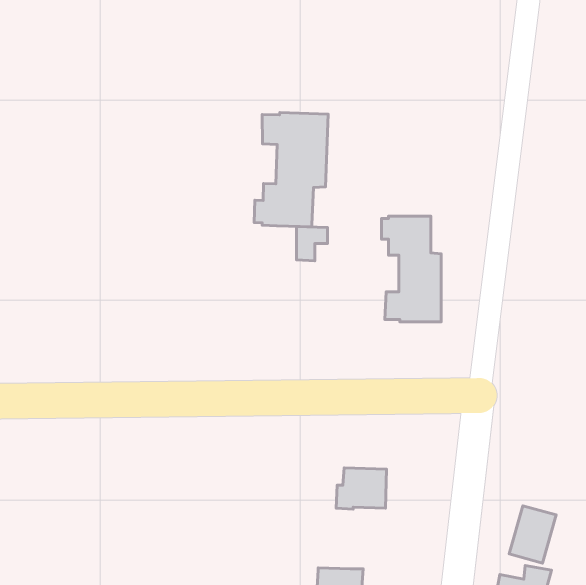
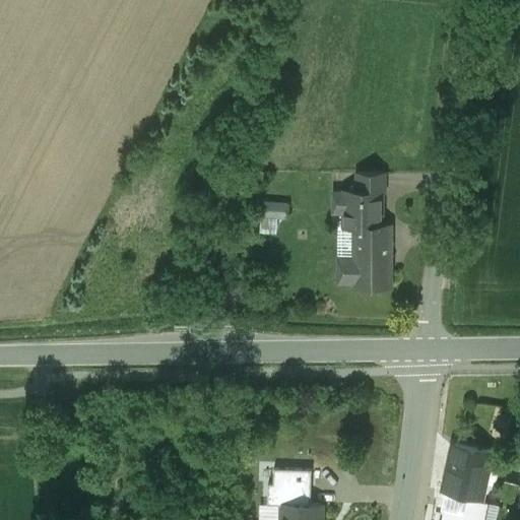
building: [254,113,328,227] -> none
building: none -> [354,174,384,195]
building: [336,468,387,509] -> [266,469,311,506]

